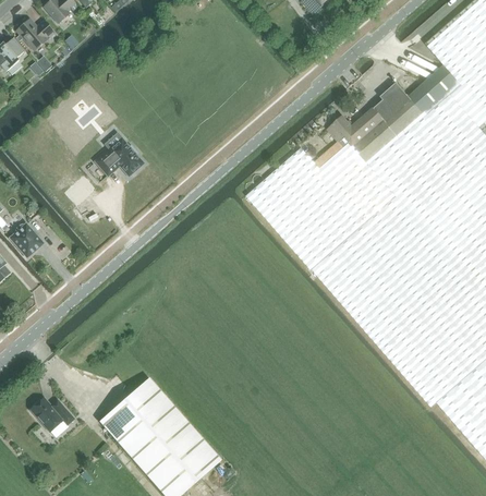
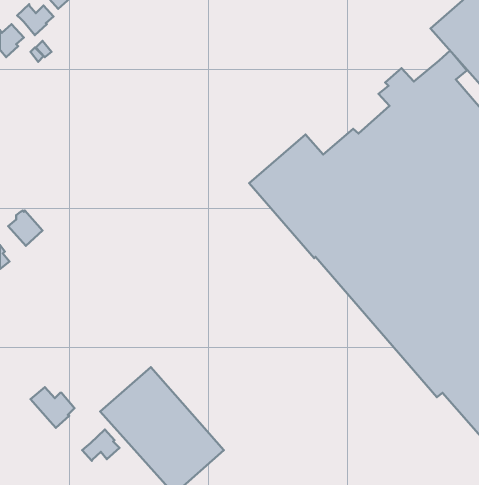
building: [328,108,385,147] -> none
building: [95,138,143,177] -> none
building: none -> [82,430,119,461]

